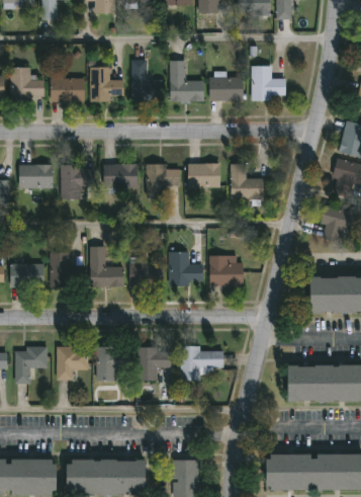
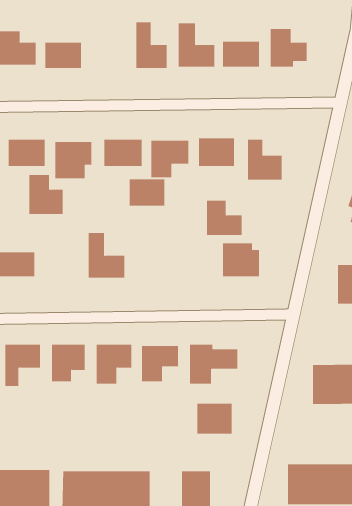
building: [90,67,122,100] -> none
building: [51,252,82,287] -> [28,175,64,214]
building: [170,252,202,283] -> [206,200,243,235]
building: [129,262,162,286] -> [129,179,165,206]
building: none -> [197,403,232,435]

